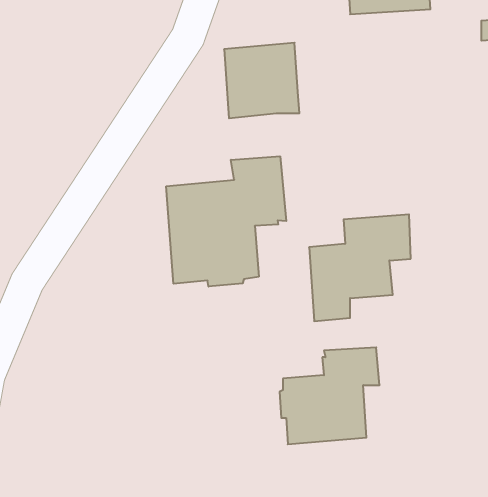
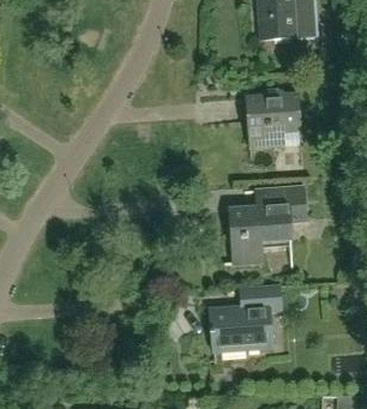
building: [224,43,299,118] -> [245,92,300,148]
building: [166,156,286,287] -> none

